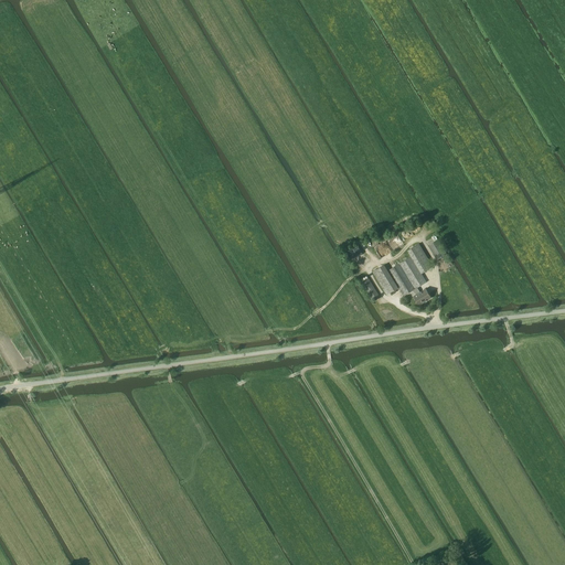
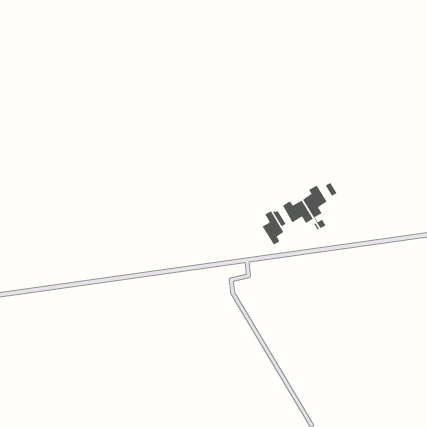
building: none -> [262,210,284,246]

